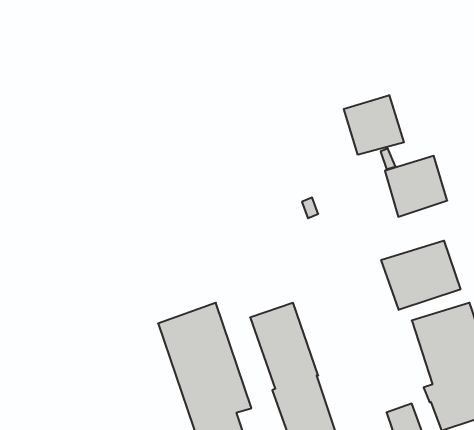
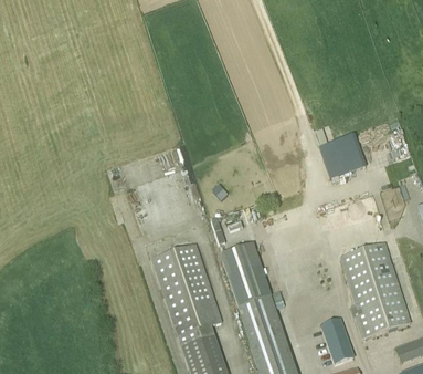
building: [344,95,404,155] -> none
building: [381,241,460,310] -> none

